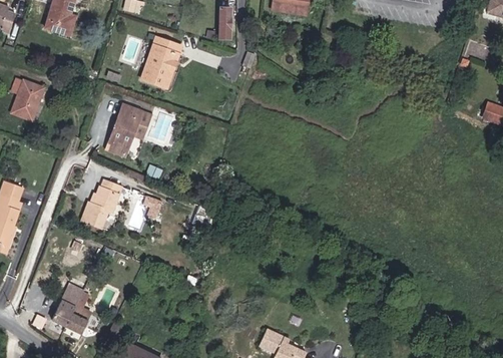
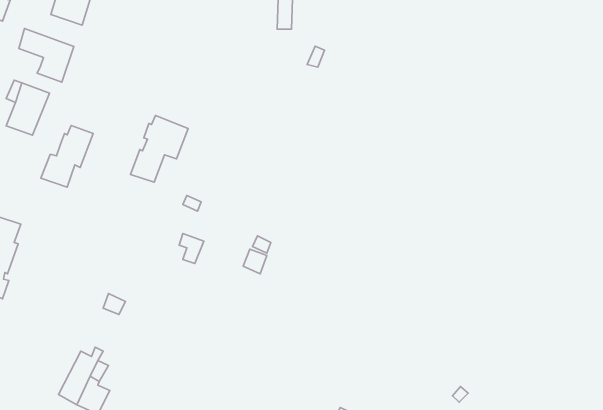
building: [141,36,182,87] -> none
building: none -> [19,29,74,82]
building: [82,180,122,227] -> [41,126,93,187]

